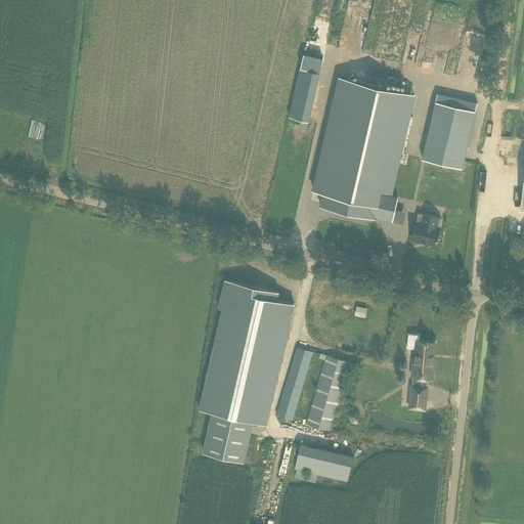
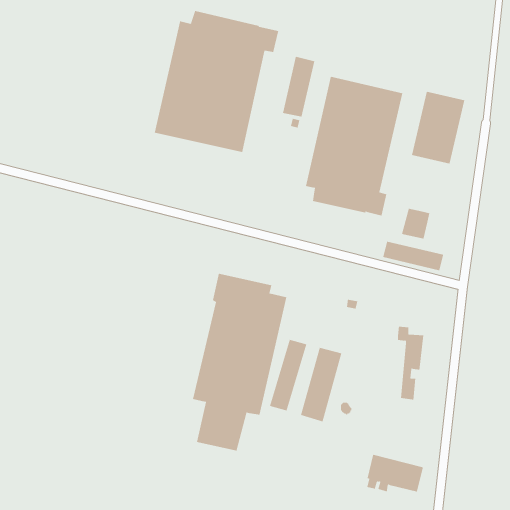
building: none -> [154,10,279,153]
building: none -> [382,241,444,271]
building: [294,444,352,483] -> [367,454,424,492]

